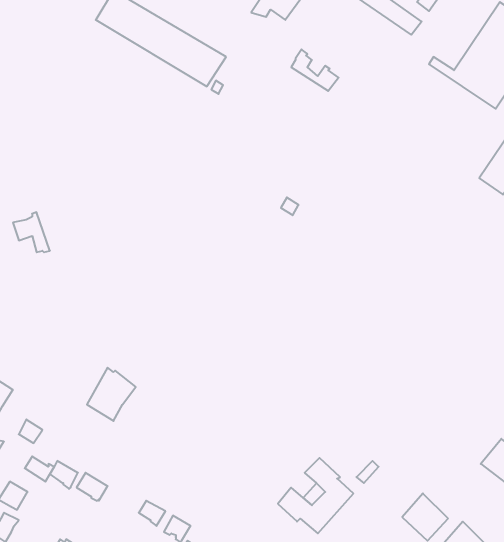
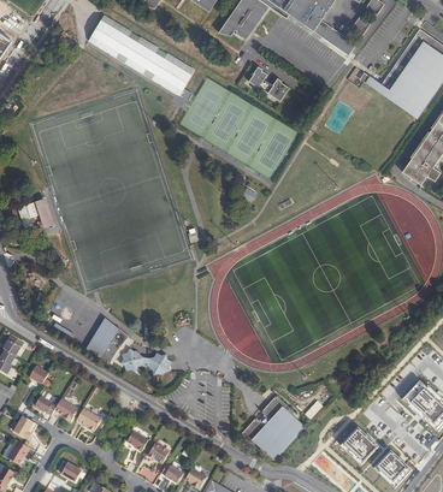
building: none -> [119,348,171,374]

